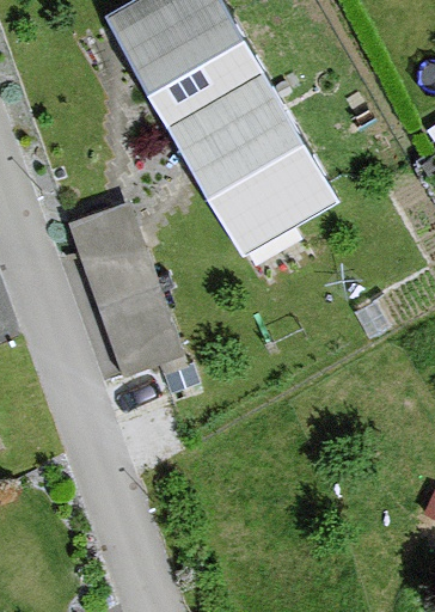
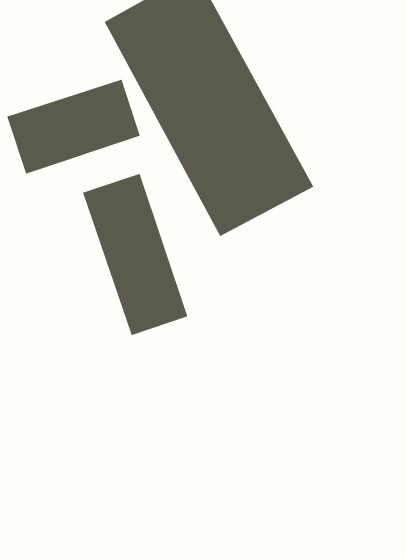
building: none -> [7,79,141,174]

